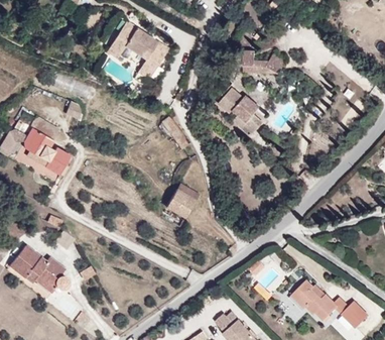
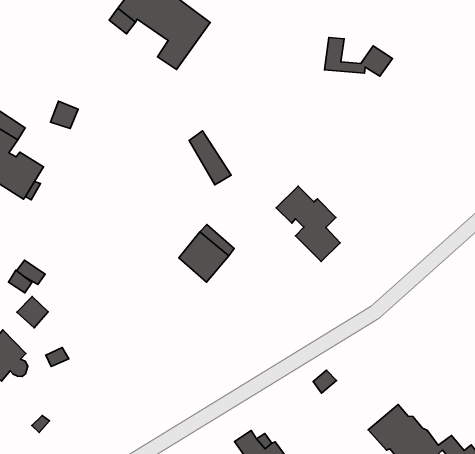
building: [223,90,266,137] -> [276,186,340,261]

